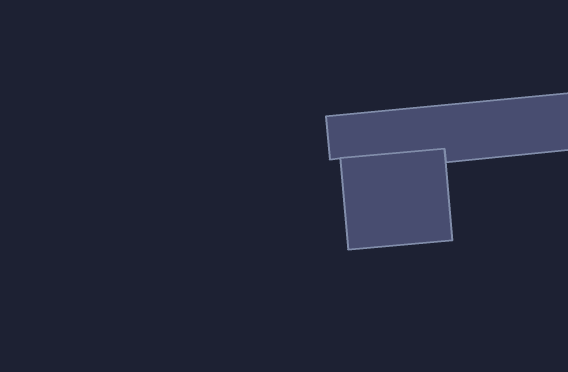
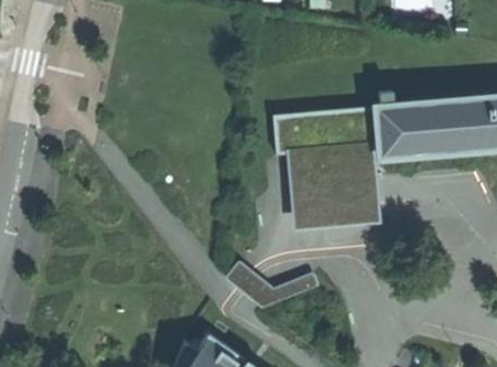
building: none -> [227,260,320,306]

